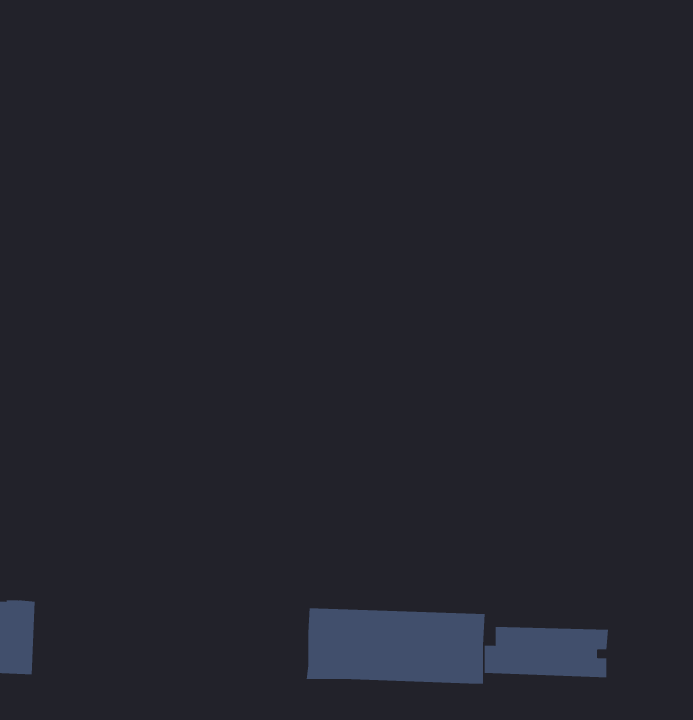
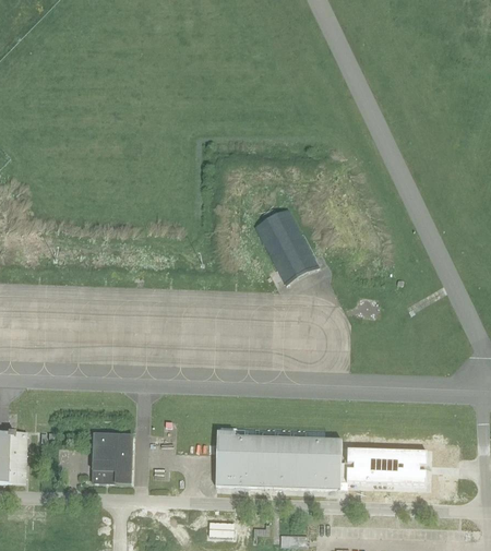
building: none -> [253,206,319,285]
building: none -> [92,433,132,482]

